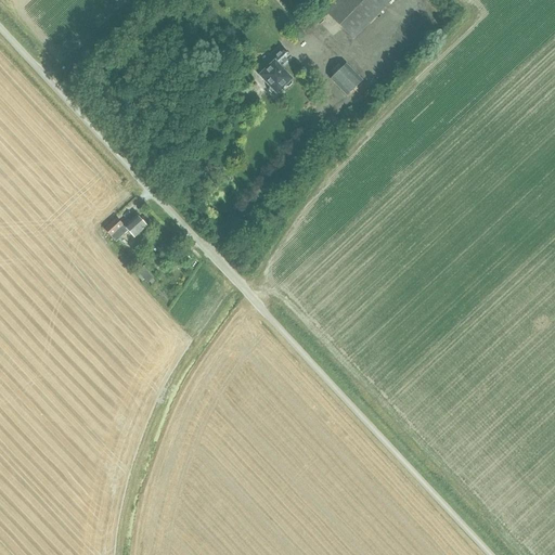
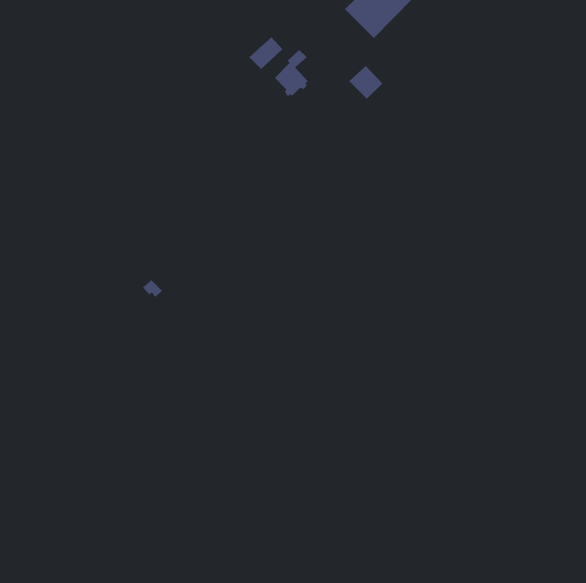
building: none -> [248,36,283,70]
building: [104,214,146,240] -> none

